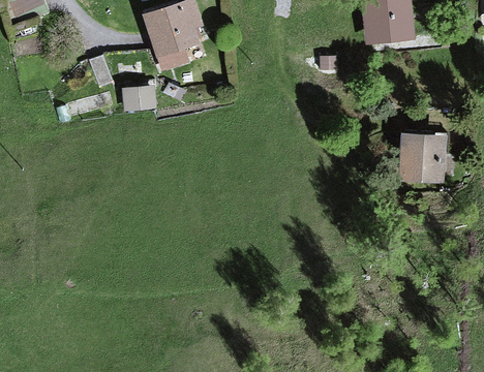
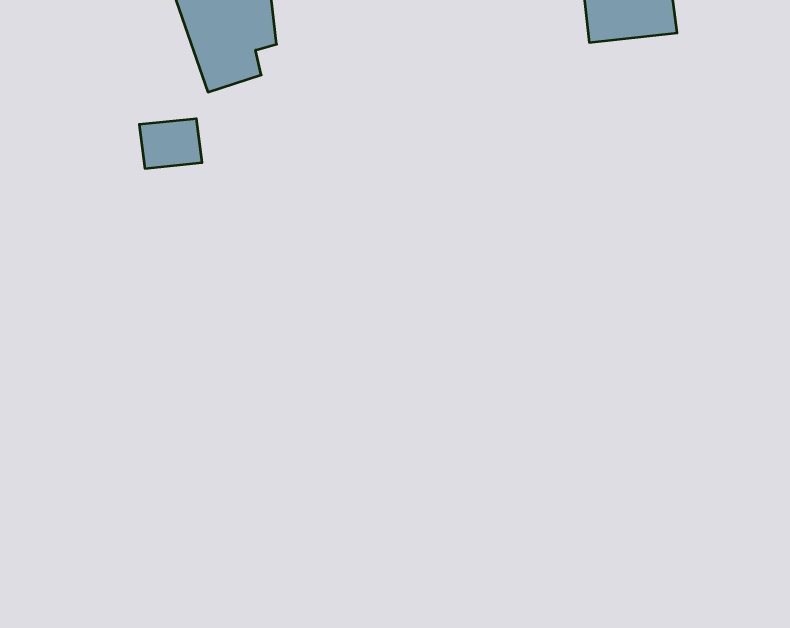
building: [401,134,445,182] -> none

